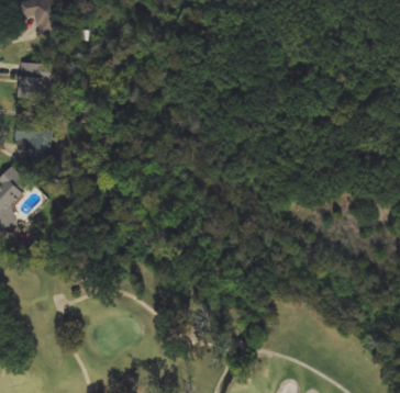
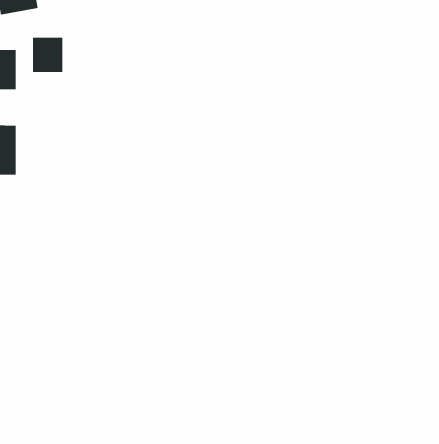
building: none -> [32,37,63,73]

